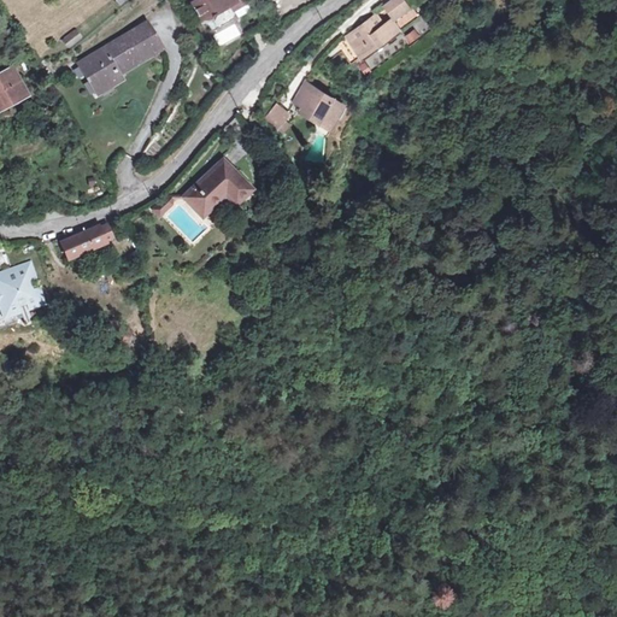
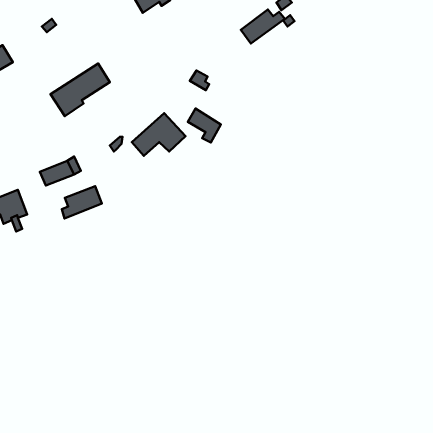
building: [71,17,155,92] -> [50,63,110,116]
building: [299,83,346,131] -> [188,108,221,142]
building: none -> [62,186,102,218]

